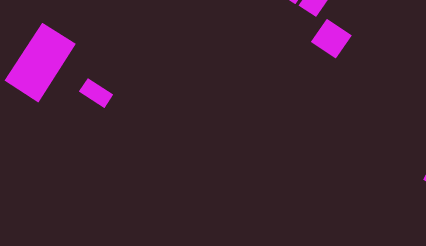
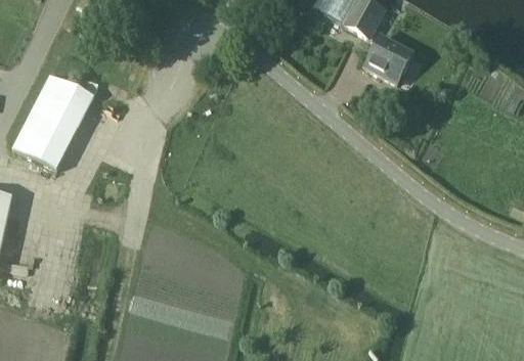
building: [78,77,114,109] -> none

